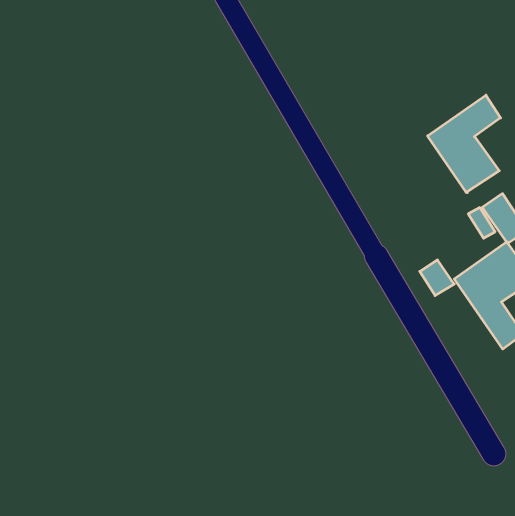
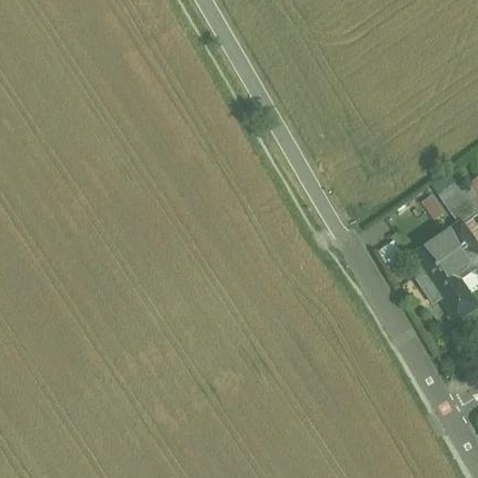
building: [428,95,501,193] -> none

